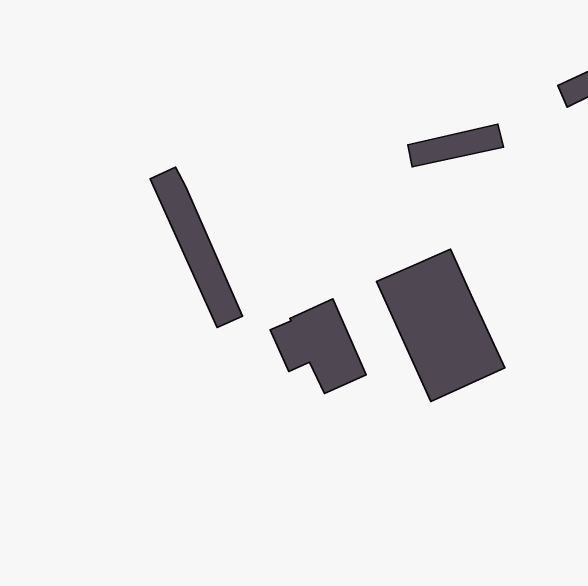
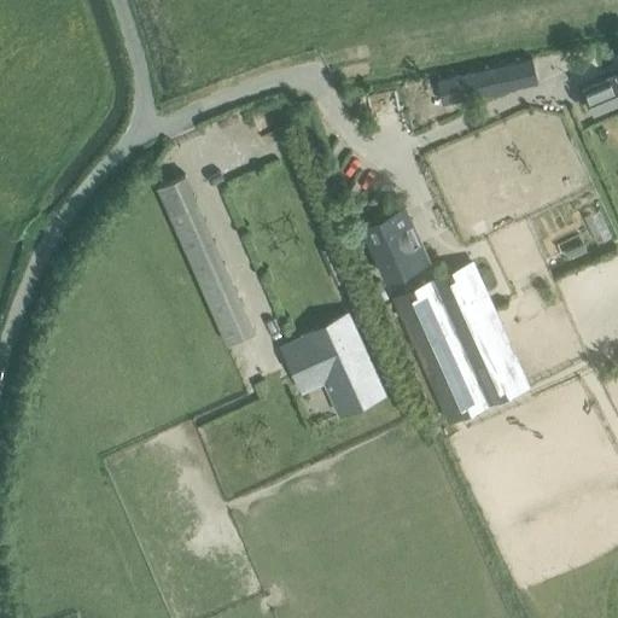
building: [408,124,504,167] -> [439,62,540,106]
building: none -> [365,211,424,280]

